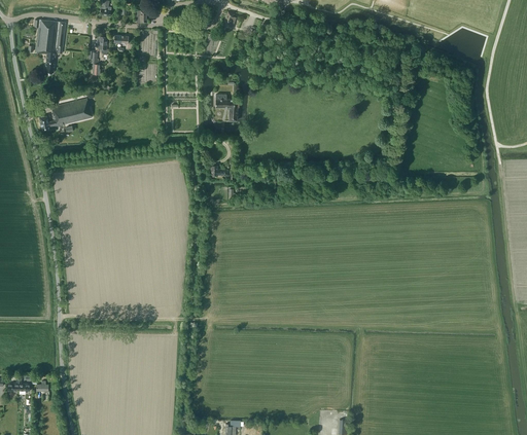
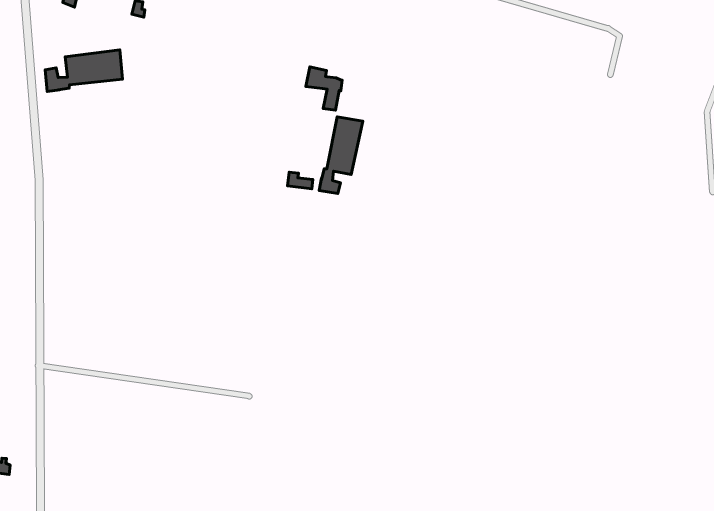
building: none -> [319,117,363,194]

